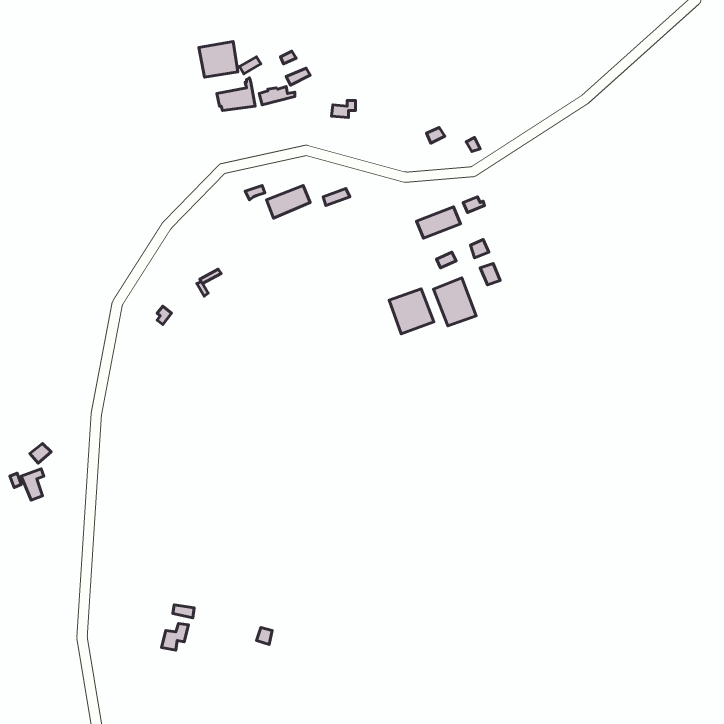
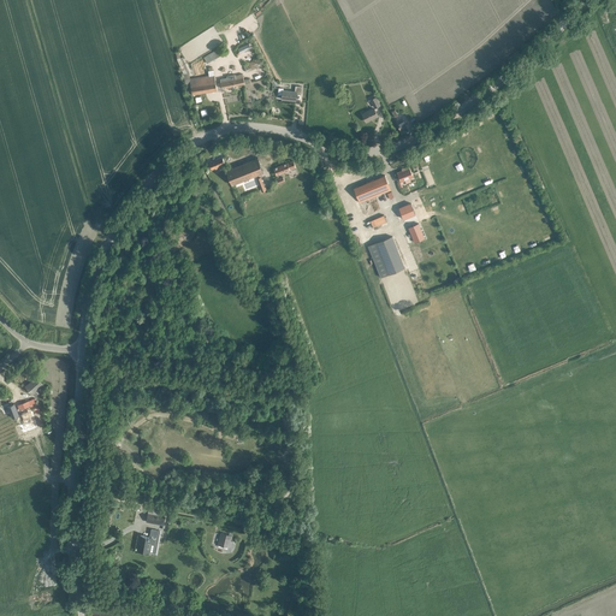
building: [199,42,238,77] -> none
building: [389,289,434,334] -> none

